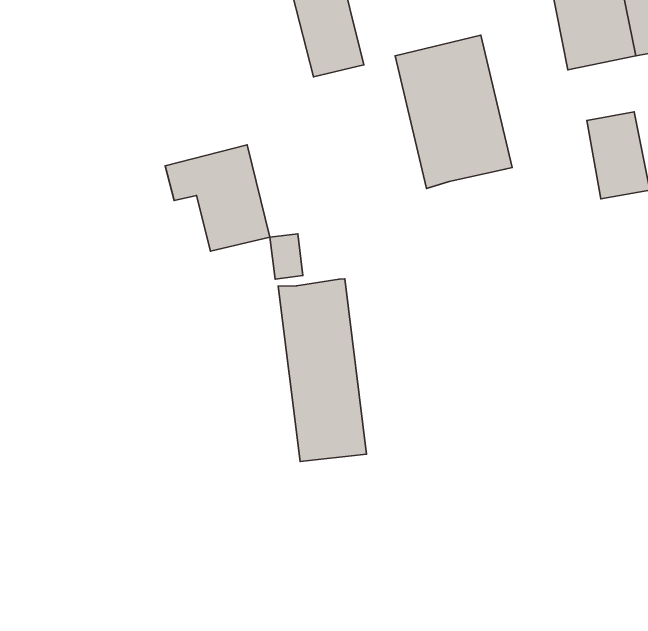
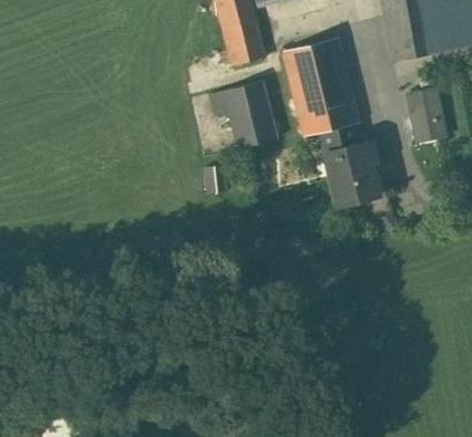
building: [165,145,270,251] -> [208,80,275,147]
building: none -> [318,123,378,205]
building: [278,279,367,462] -> none

